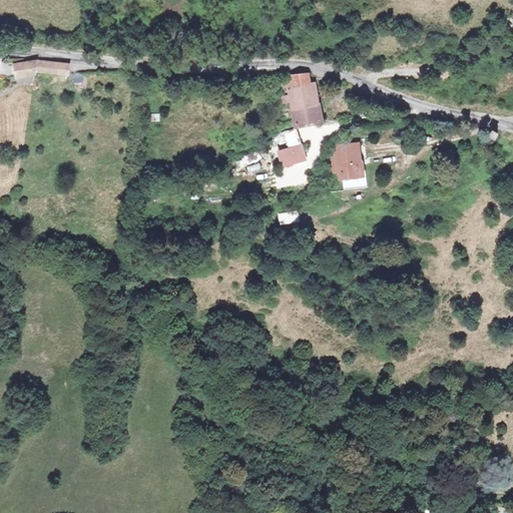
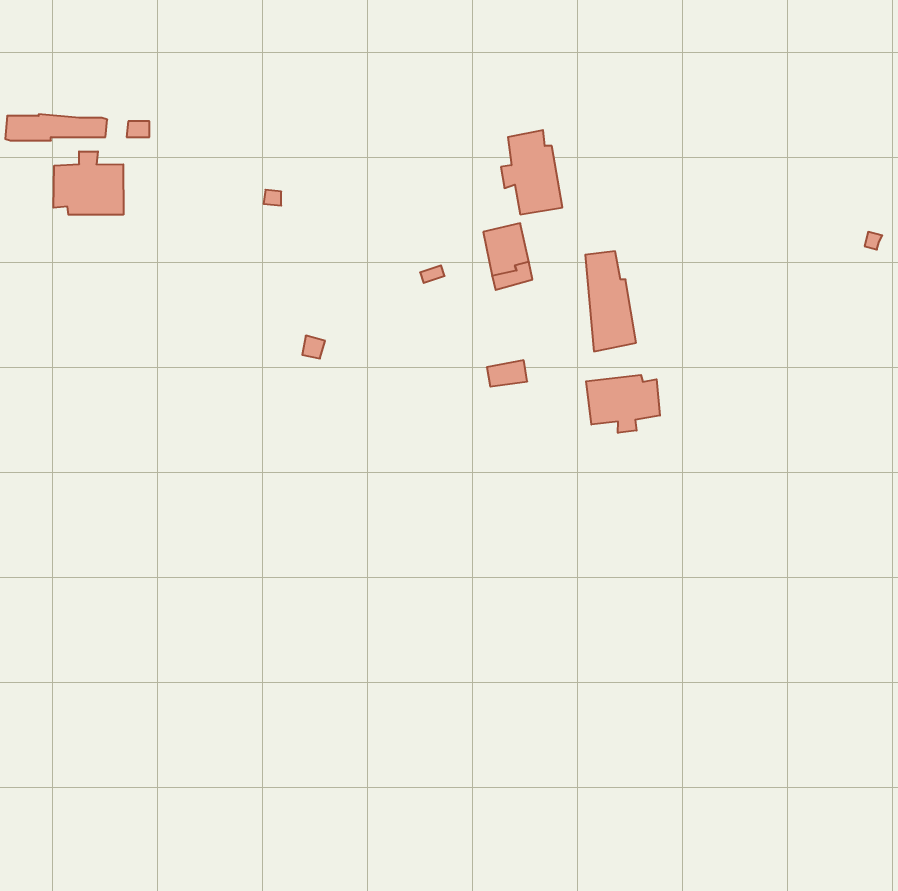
building: none -> [53,151,123,215]
building: none -> [586,375,660,433]

